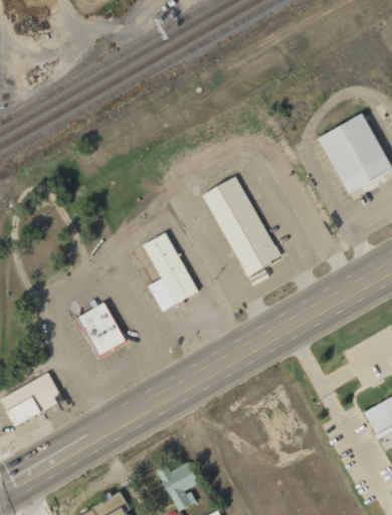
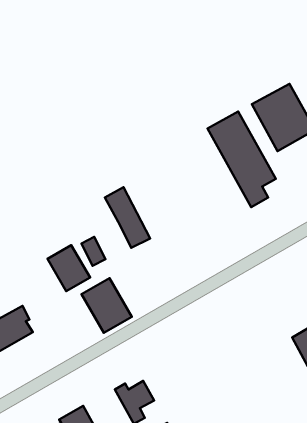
building: [200,176,280,289] -> [207,111,276,207]
building: [148,279,176,313] -> [81,237,105,266]
building: none -> [82,278,132,333]

